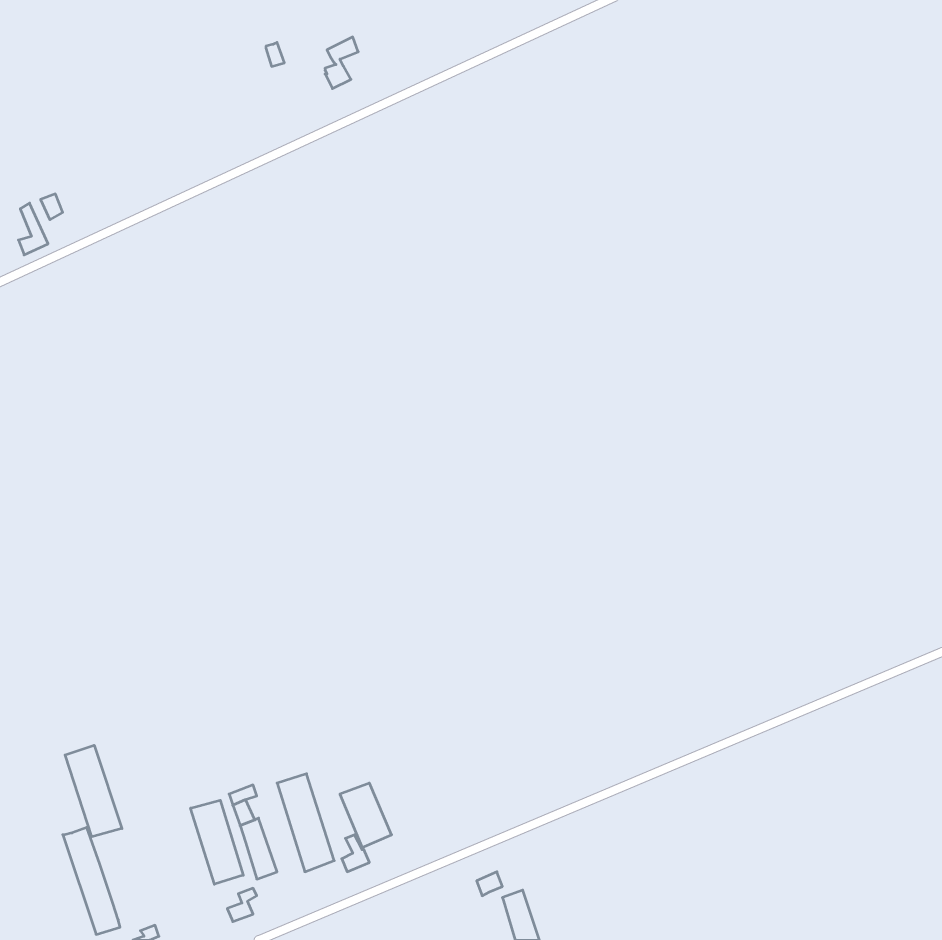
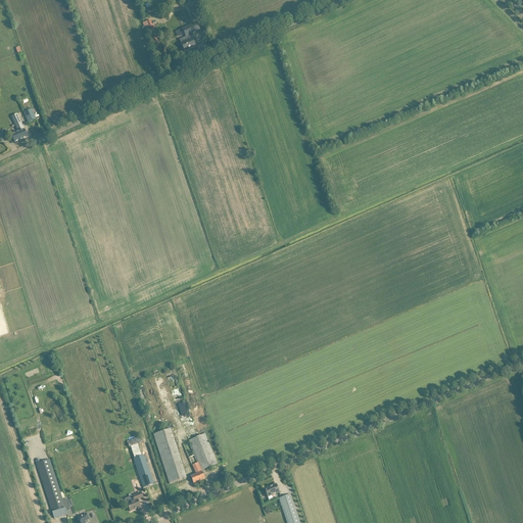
building: [65,745,122,837] -> none
building: [191,800,243,884] -> none

